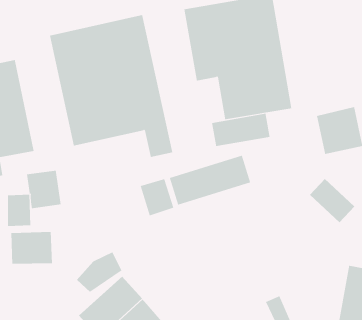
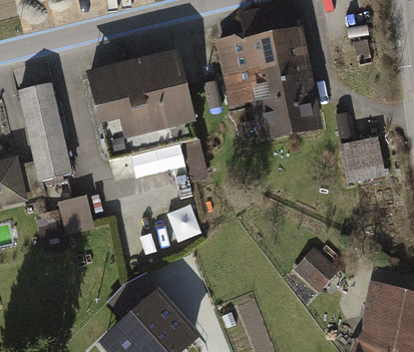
building: [212,113,270,147] -> none
building: [169,155,251,205] -> none
building: [309,178,355,223] -> [293,241,337,284]
building: [11,231,53,264] -> none

